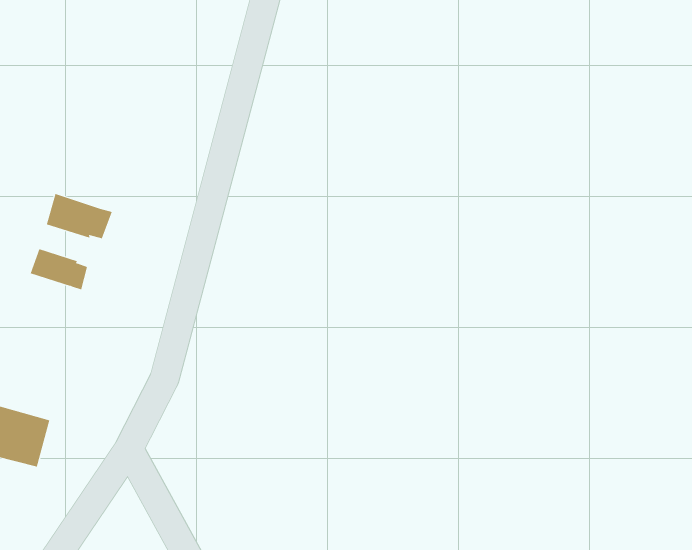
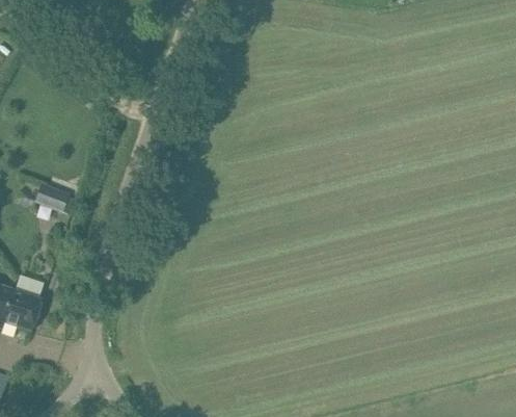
building: [46,193,113,239] -> none

